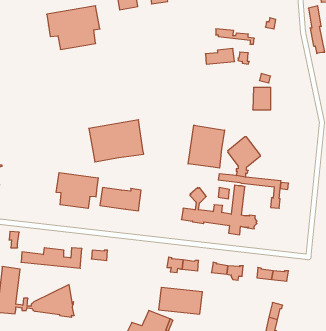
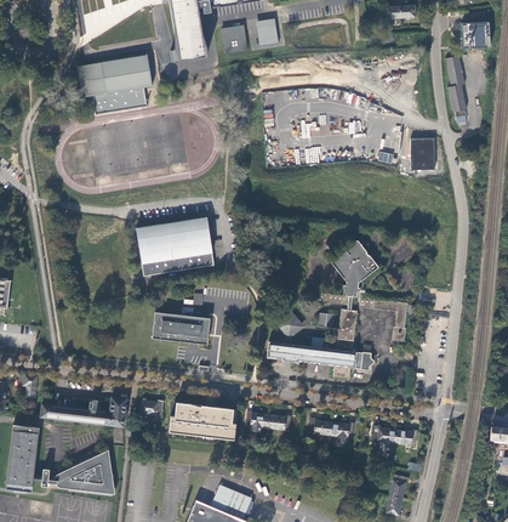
building: [253,87,271,110] -> [410,137,435,169]
building: [188,125,225,168] -> none
building: [56,173,98,208] -> none
building: [159,287,202,314] -> [172,403,234,441]

